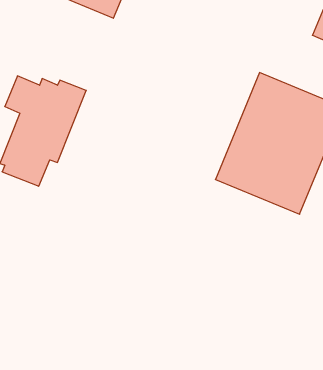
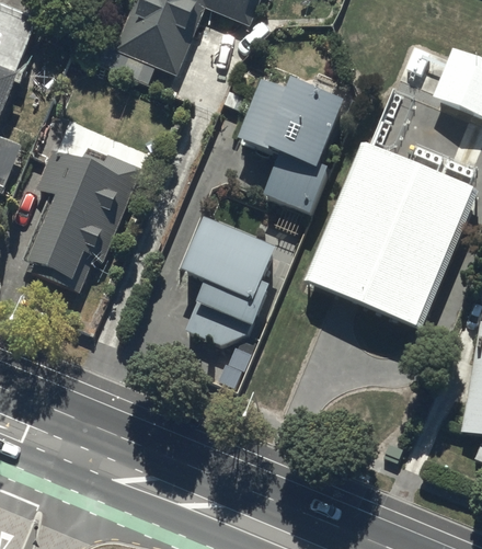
building: none -> [238,78,343,211]
building: none -> [182,216,276,343]

